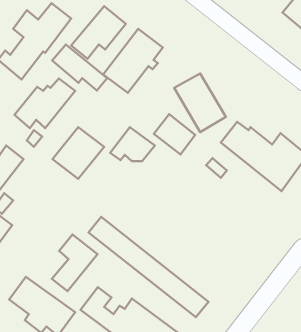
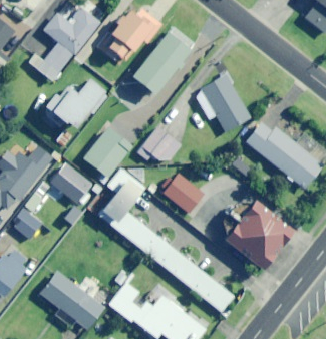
building: [52,45,107,90] -> none
building: [154,114,195,155] -> [164,174,204,213]
building: none -> [45,162,92,204]
building: none -> [226,202,293,270]
building: [52,234,97,291] -> [100,168,144,224]

